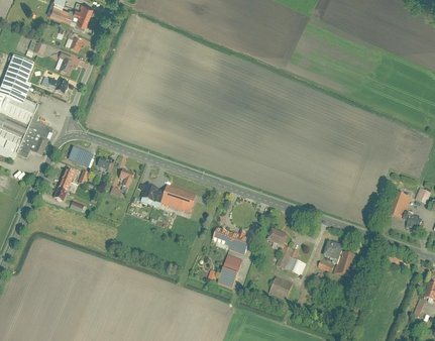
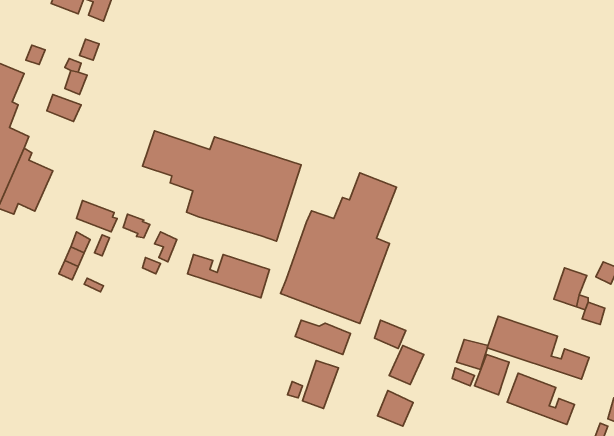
building: none -> [143,131,301,241]
building: none -> [281,173,396,323]
building: none -> [487,316,589,379]
building: none -> [507,373,575,424]

